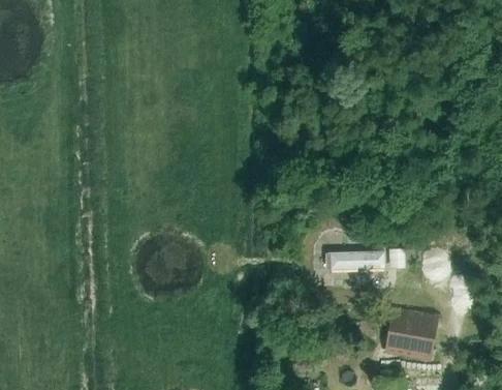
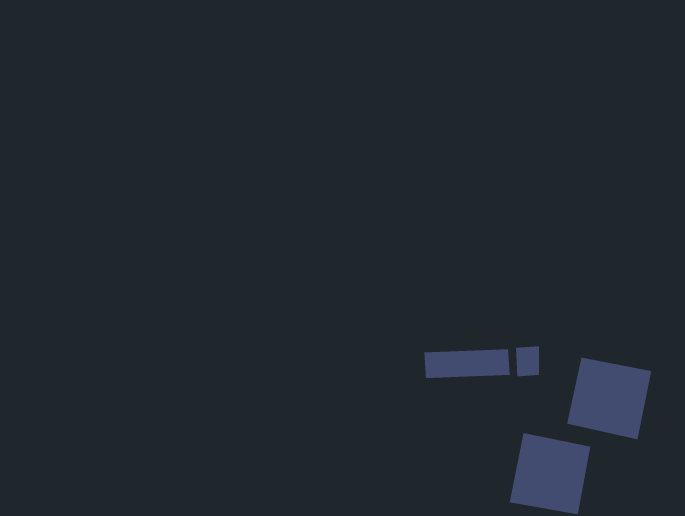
building: none -> [567,357,652,440]

